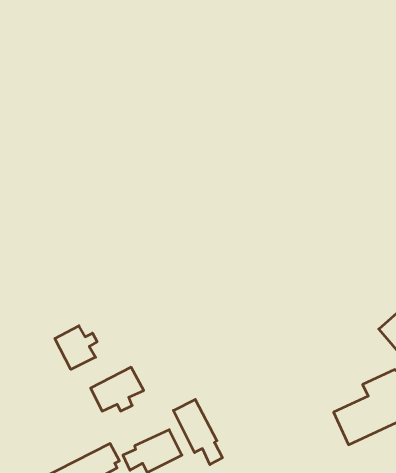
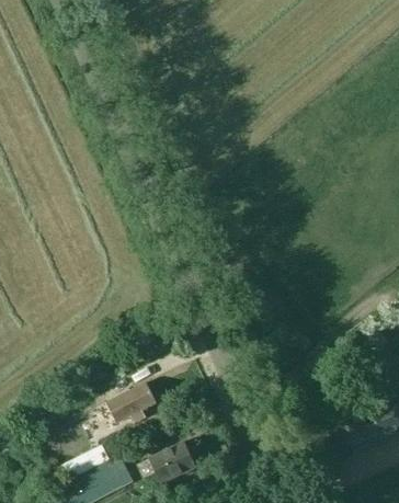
building: [55,326,97,369] -> none
building: [173,399,222,465] -> none

